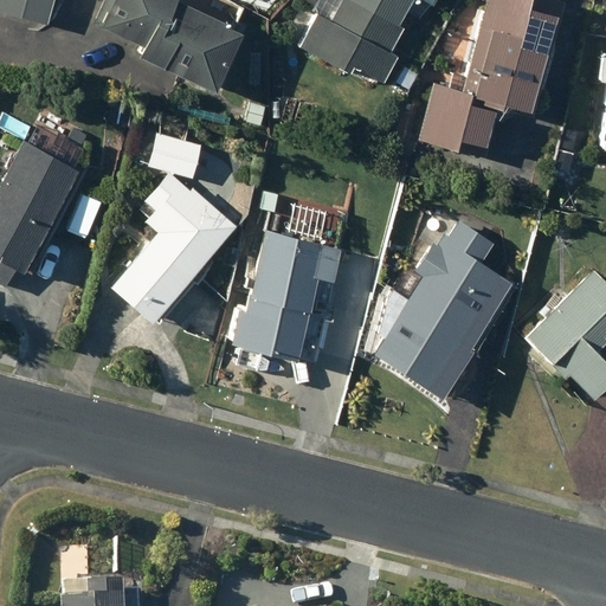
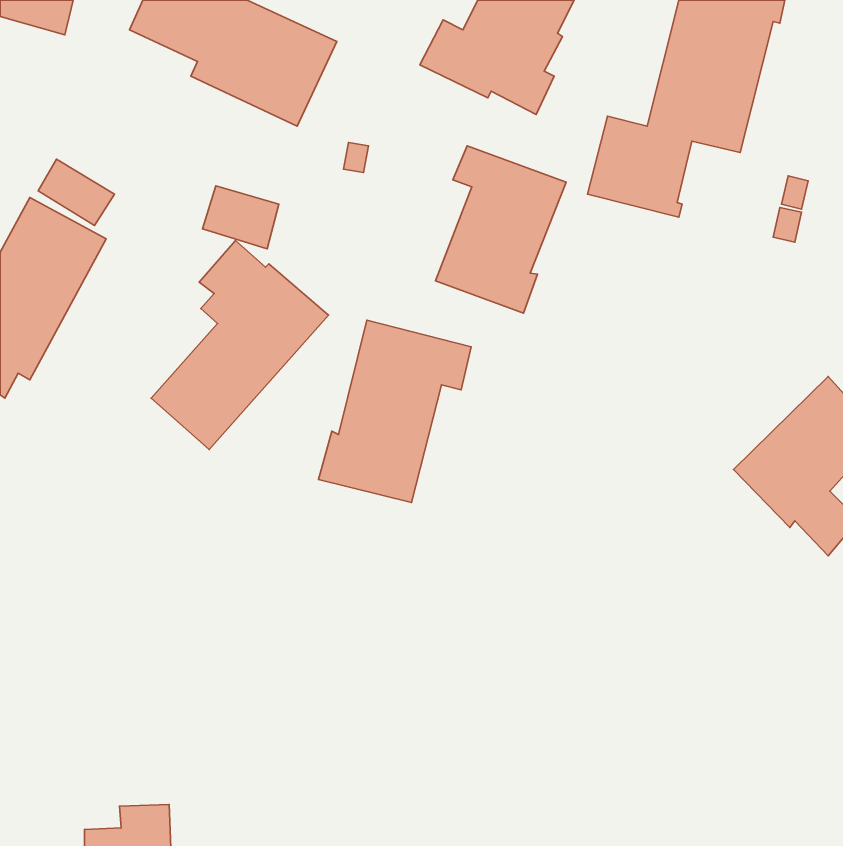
building: none -> [435,146,566,313]
building: [375,221,514,397] -> none

